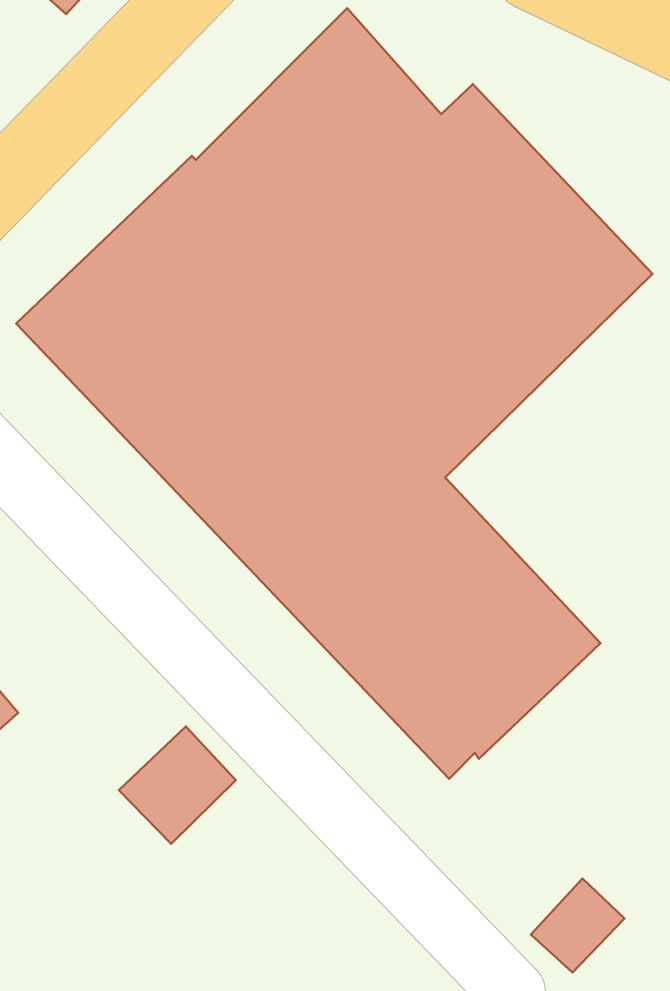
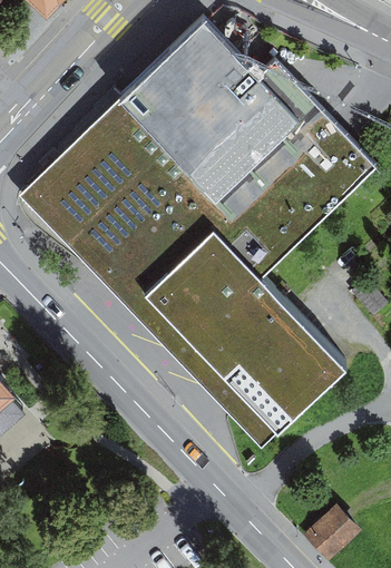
building: [119,726,236,844] -> none

